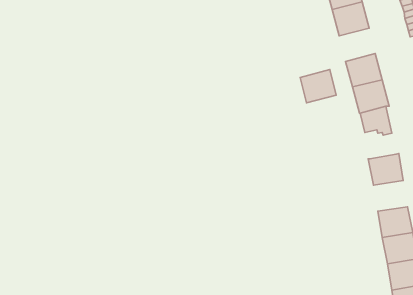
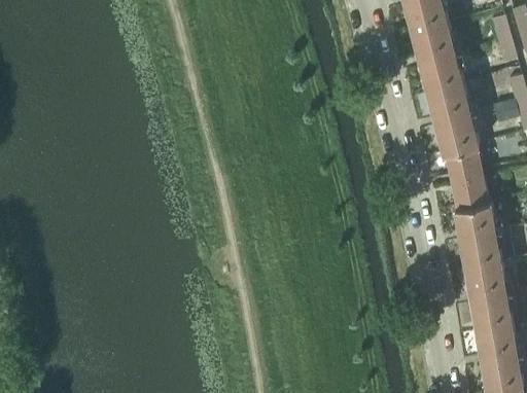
building: [300,70,336,103] -> [420,51,462,91]
building: none -> [450,171,487,205]
building: none -> [460,230,500,266]

